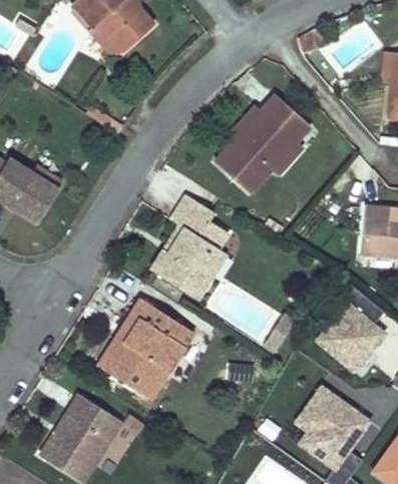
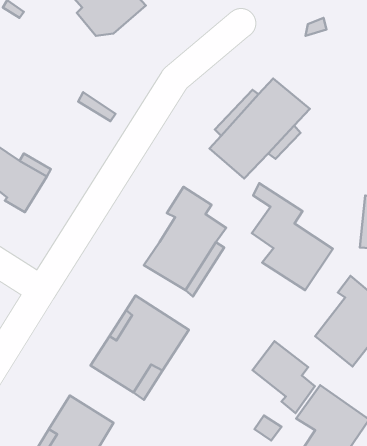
building: none -> [252,183,333,290]
building: none -> [252,341,315,413]

